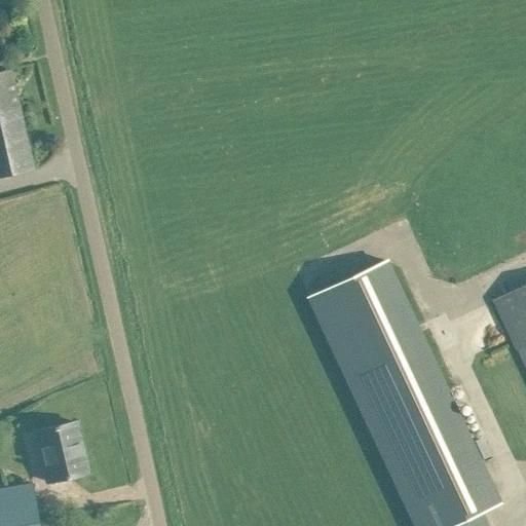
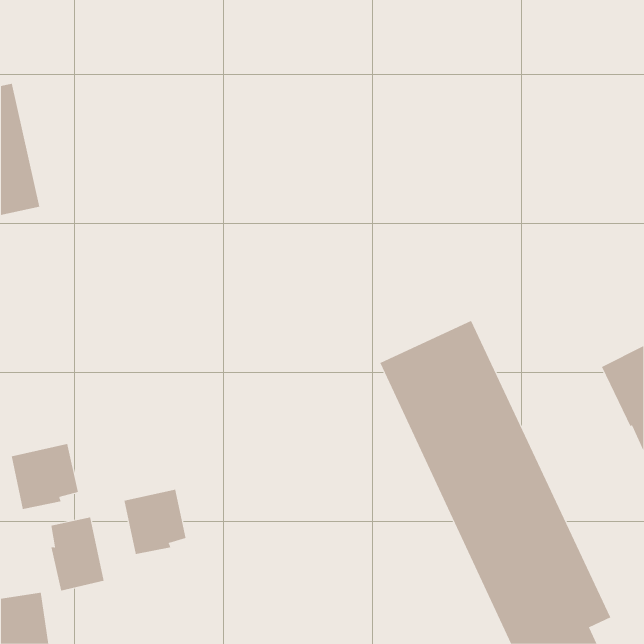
building: none -> [11,443,78,510]
building: none -> [124,489,186,555]

